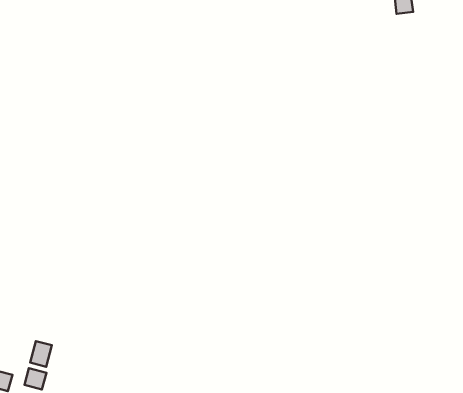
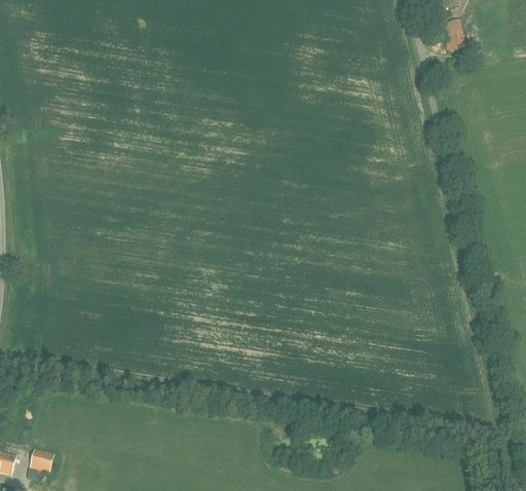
building: [30,341,52,367] -> none

